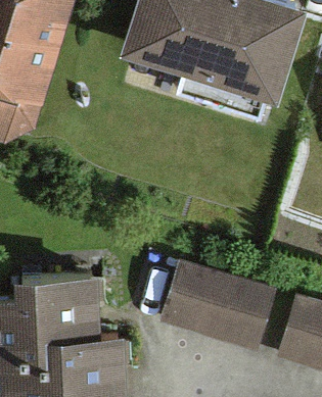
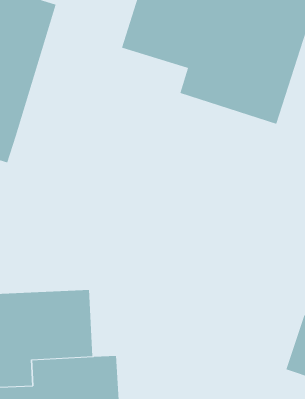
building: [165,266,270,347] -> none

